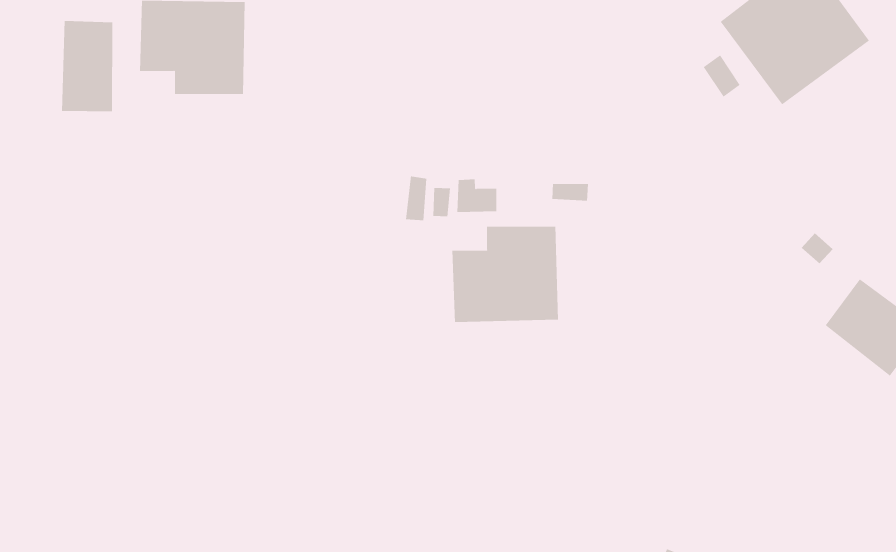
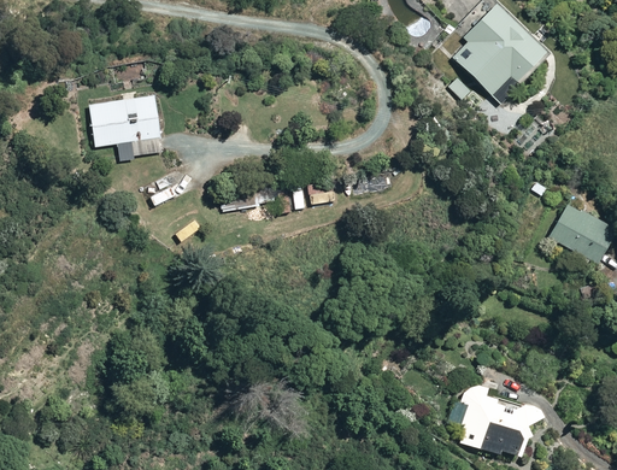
building: [61,20,113,112] -> none
building: [452,226,558,323] -> none

